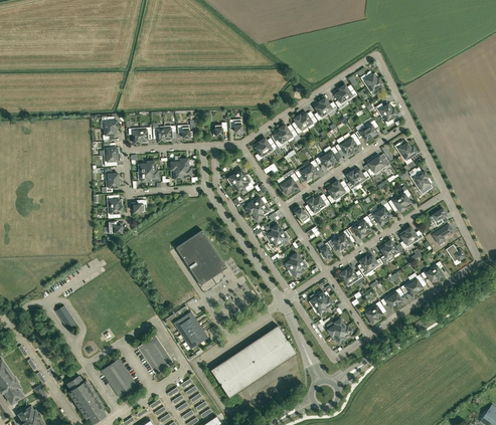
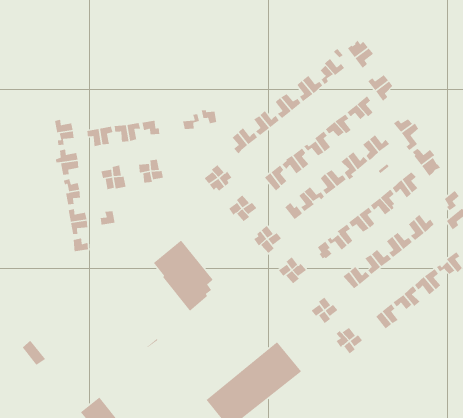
building: [173,312,207,350] -> none
building: [137,336,172,373] -> none

